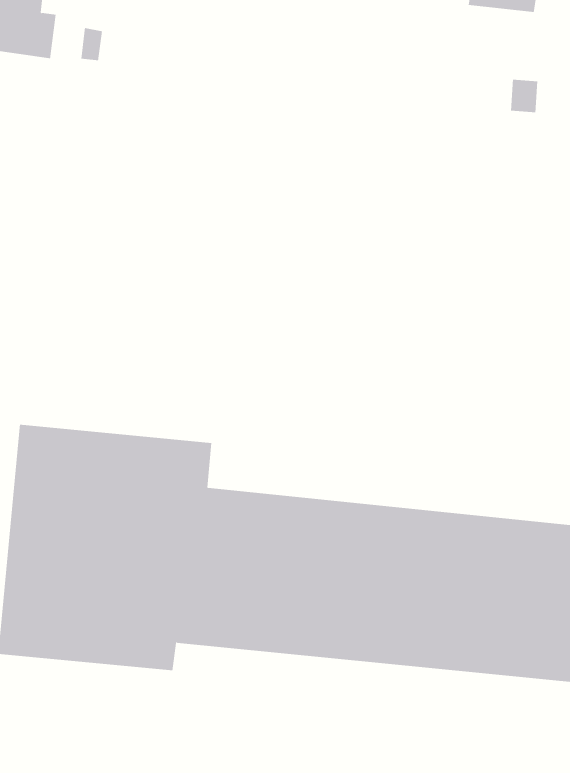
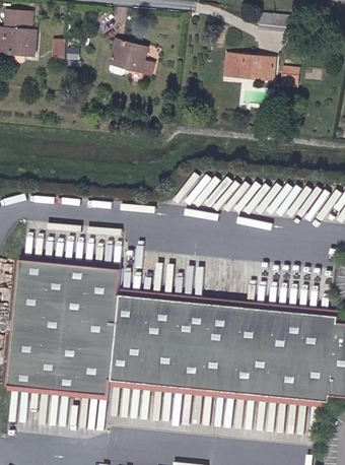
building: none -> [114,42,157,74]
building: none -> [228,55,280,80]

